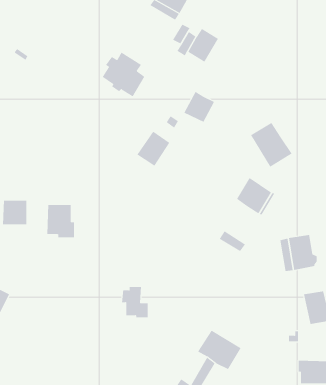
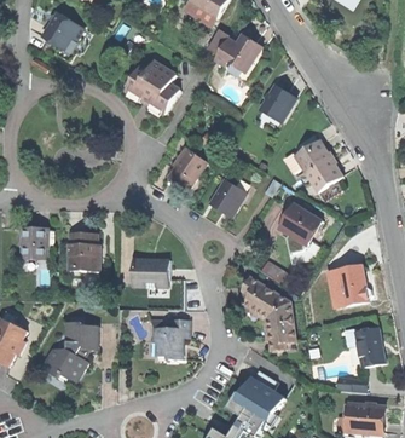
building: none -> [42,12,83,51]
building: [183,91,215,122] -> [262,86,297,121]
building: none -> [212,180,248,217]
building: none -> [135,259,172,287]
building: none -> [242,277,295,353]
building: none -> [44,324,98,381]

